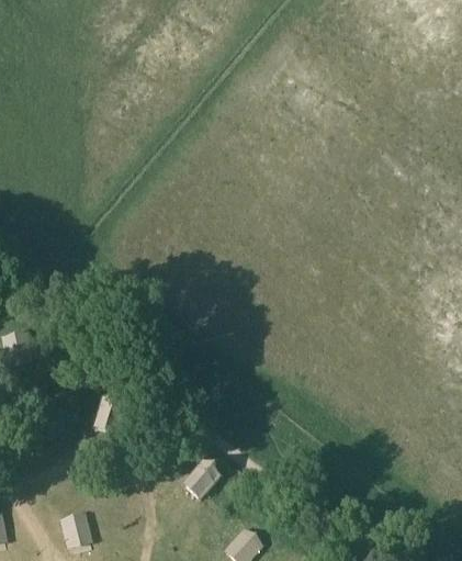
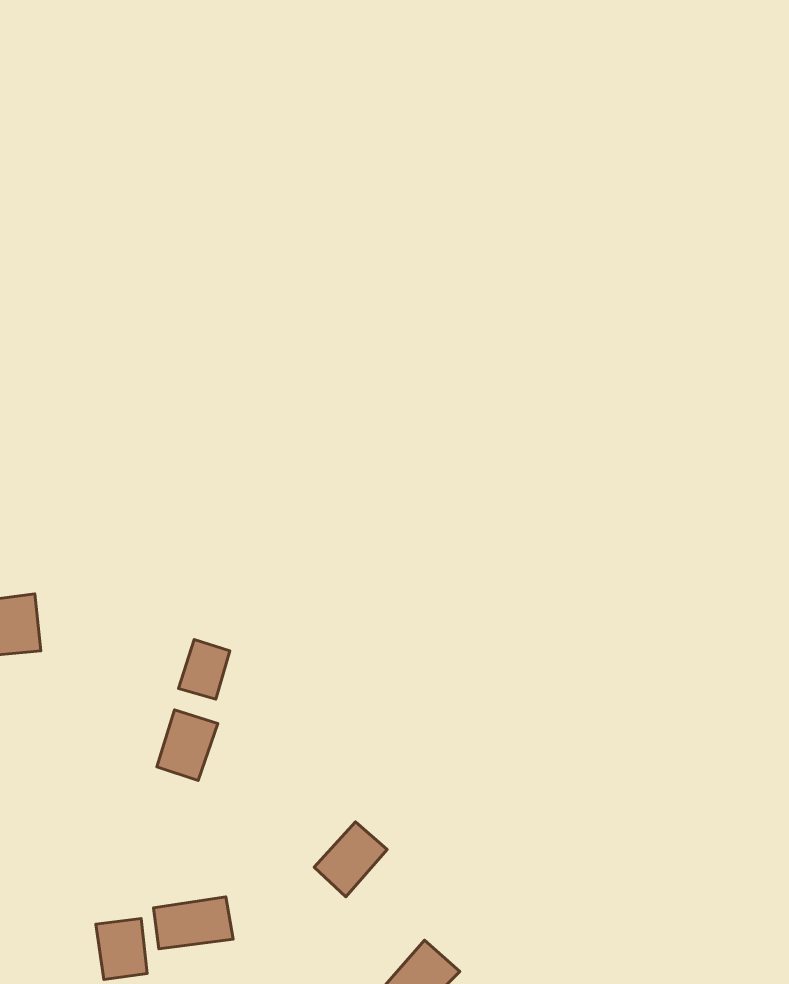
building: none -> [179,640,230,699]
building: none -> [154,897,233,949]

